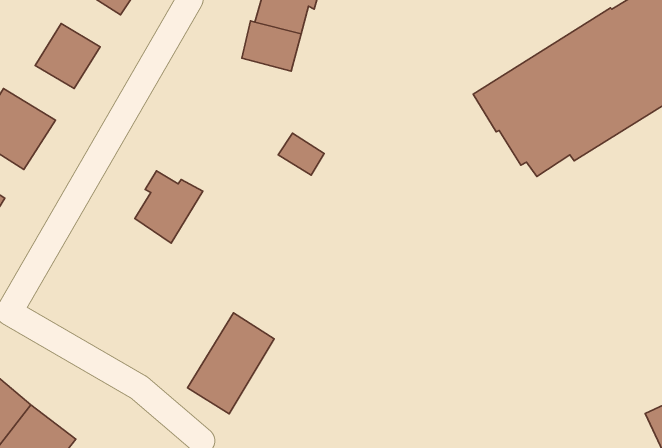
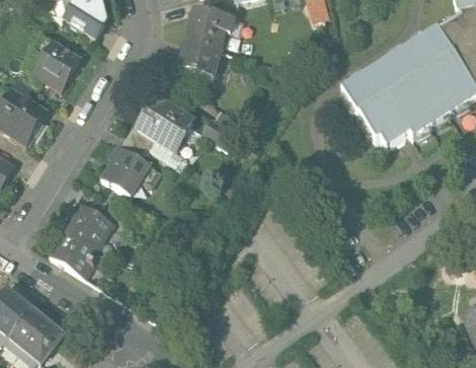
building: none -> [138,96,191,148]
building: [187,313,274,414] -> [51,202,111,273]

